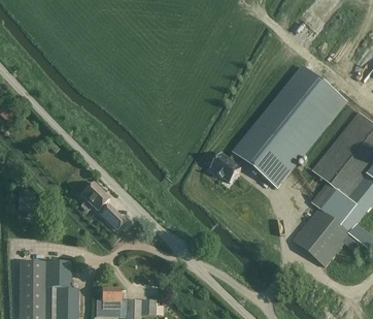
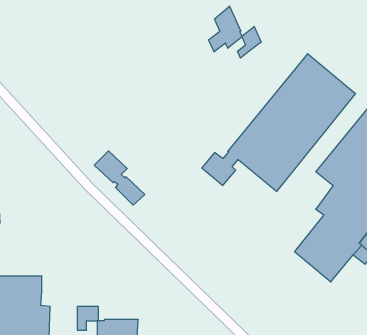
building: none -> [209,6,261,58]
building: [80,181,125,228] -> [94,151,145,205]

